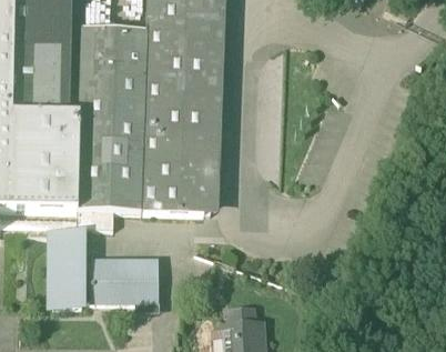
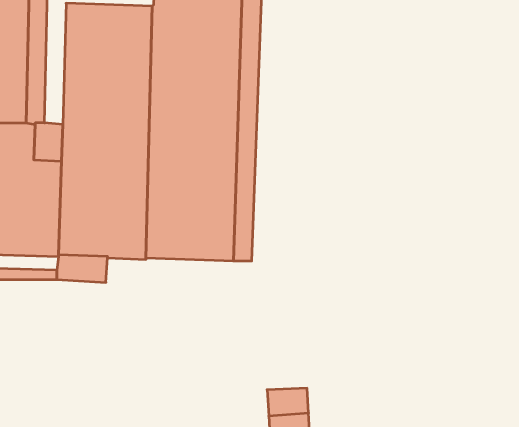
building: [53,231,158,312] -> none

